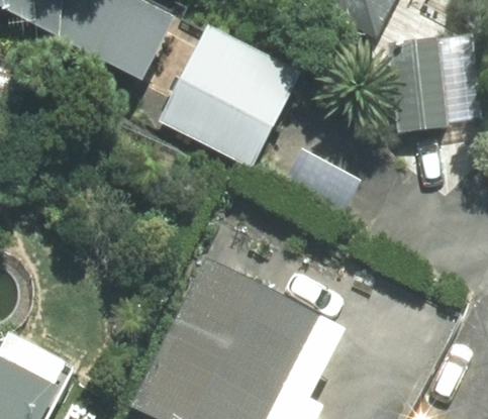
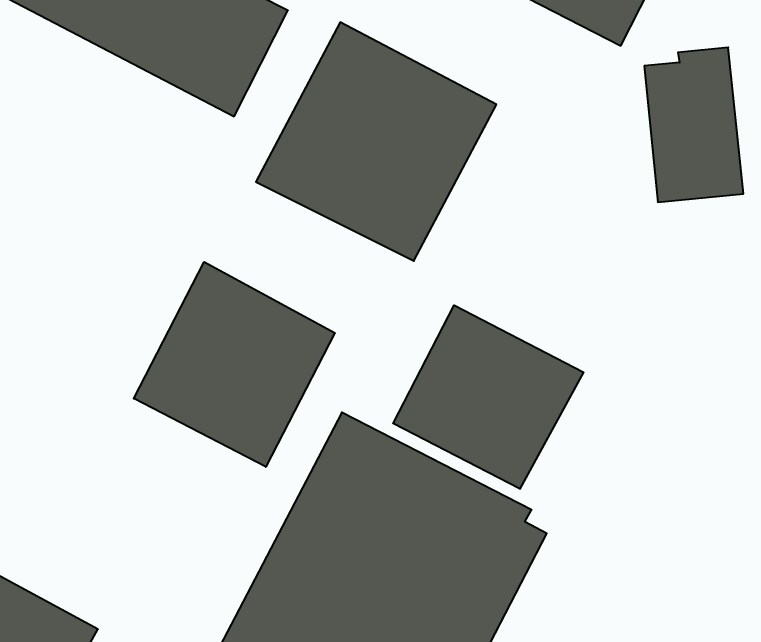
building: none -> [134,262,335,467]
building: none -> [393,305,584,489]

